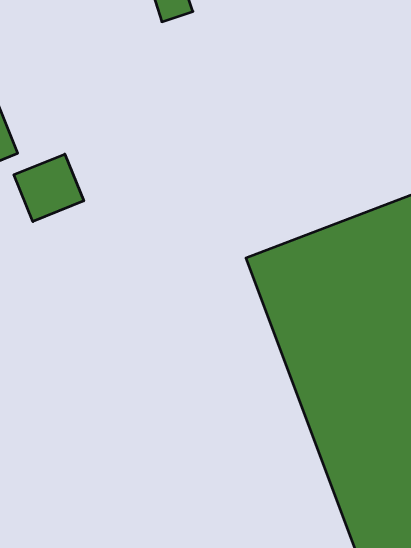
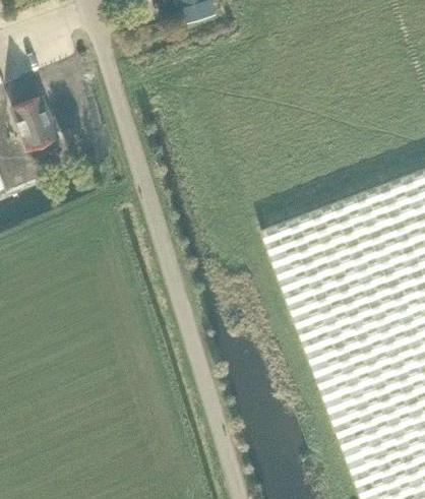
building: [14,154,84,222] -> none

